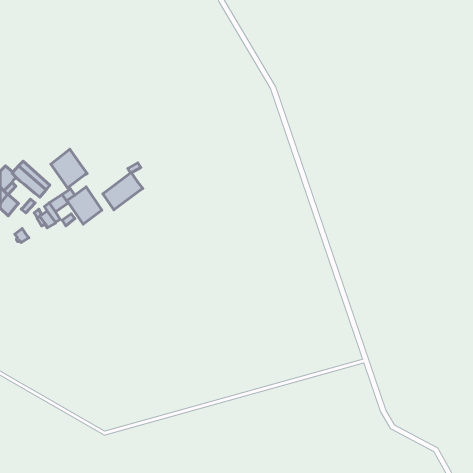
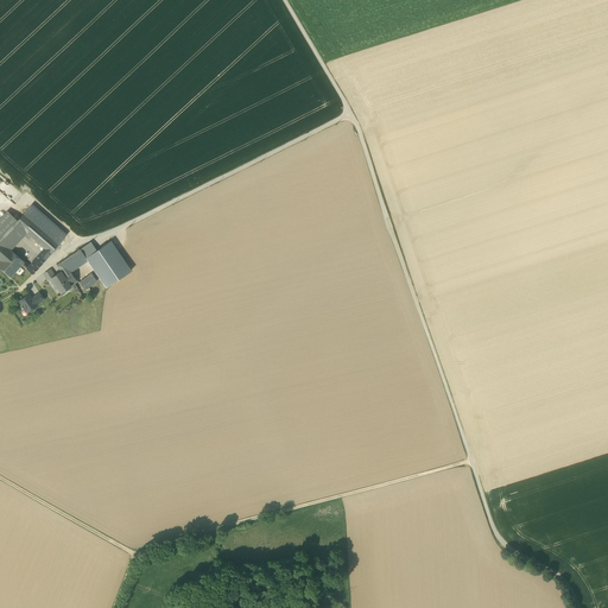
building: [51,149,87,188] -> none
building: [103,173,143,210] -> none

